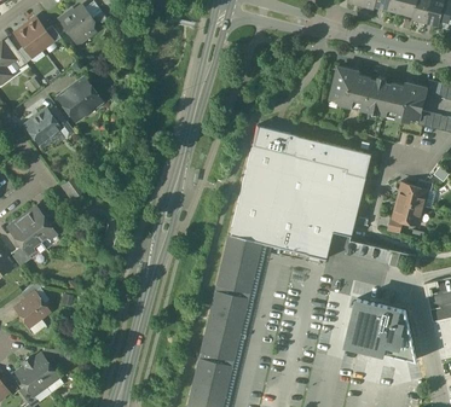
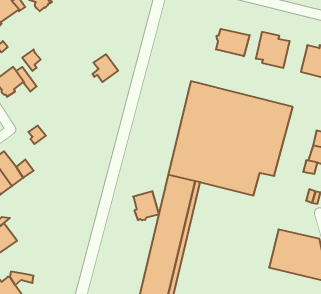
building: none -> [216,29,250,56]
building: [364,77,392,114] -> none
building: [71,82,102,115] -> [92,54,118,82]
building: none -> [133,191,159,220]

